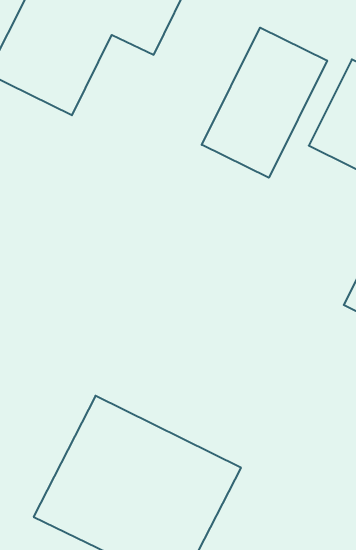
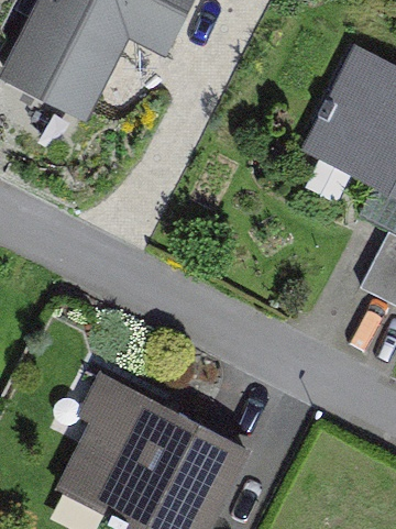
building: [202,28,327,178] -> none

